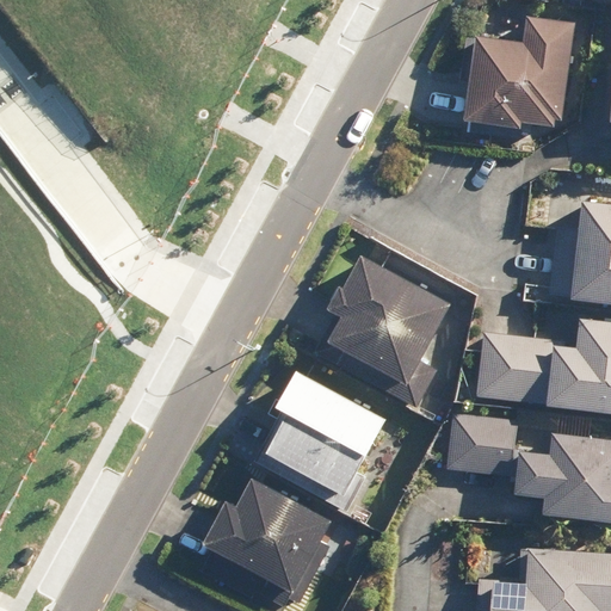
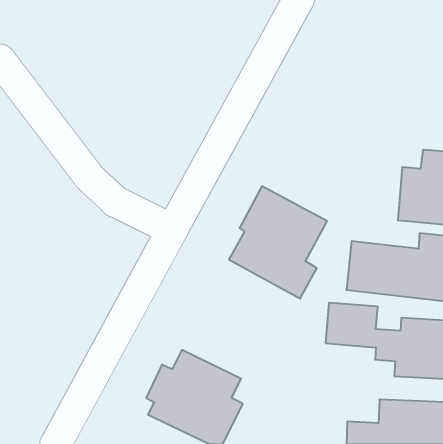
building: [465,17,572,131] -> none
building: [255,370,388,511] -> none

